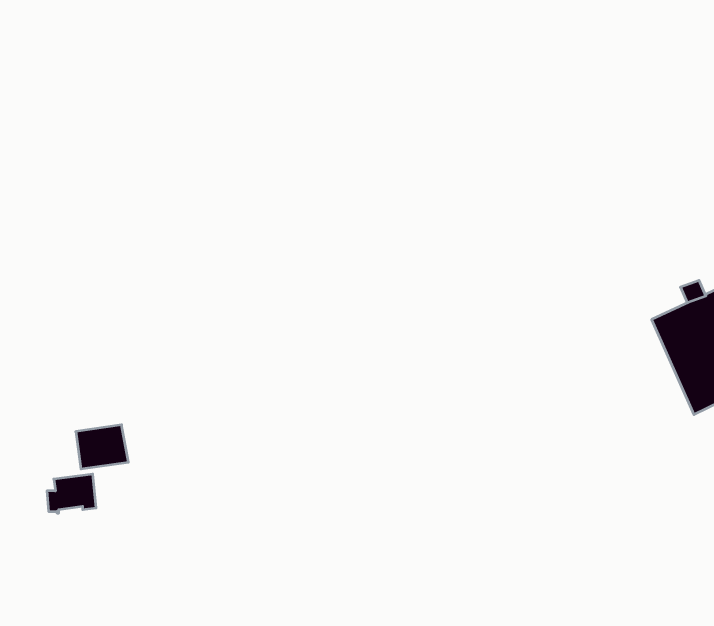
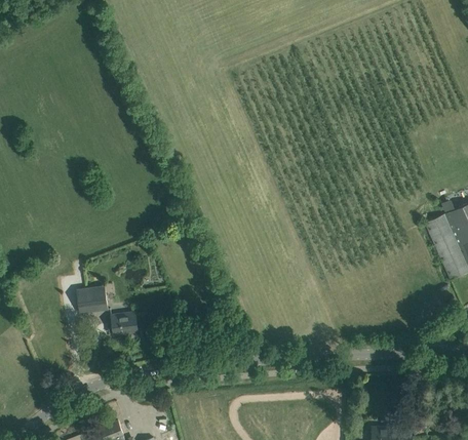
building: [47,474,96,513] -> [108,312,138,335]

